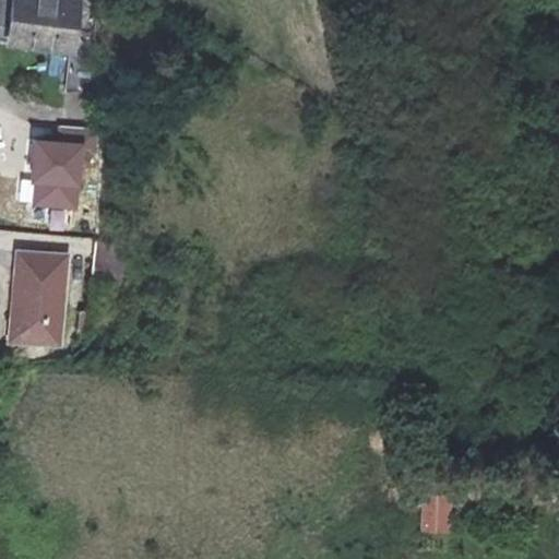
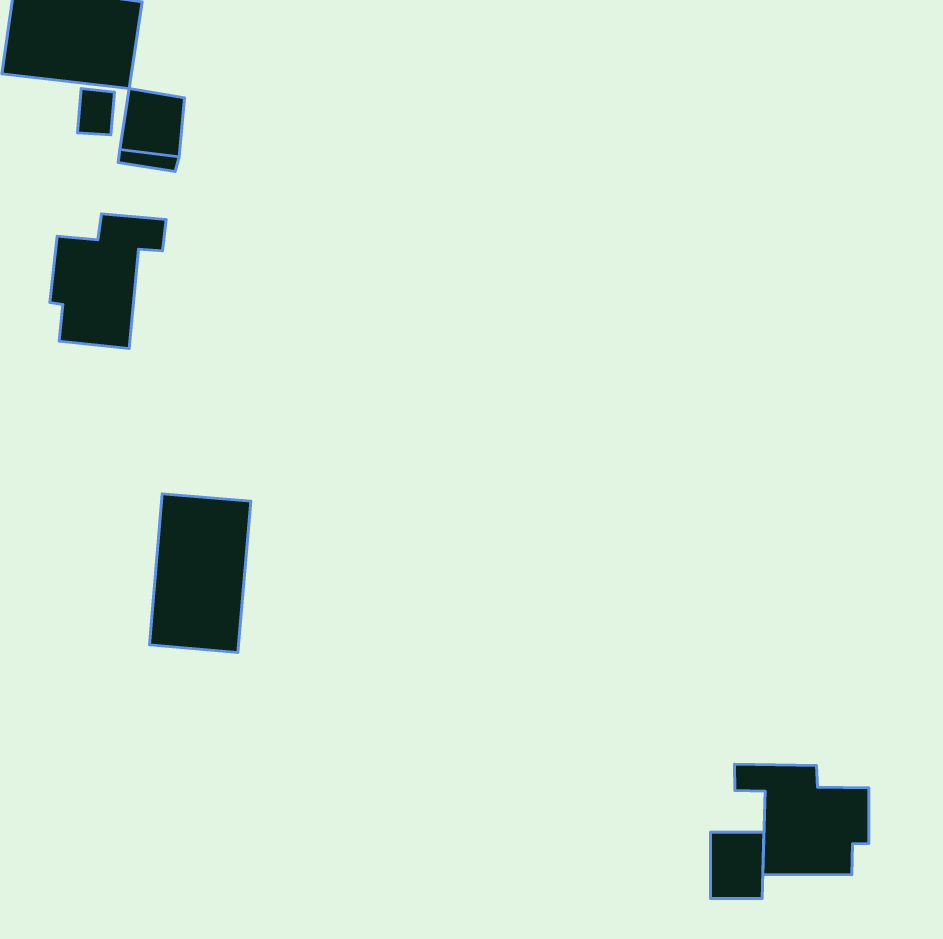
building: [9,250,69,344] -> [149,494,251,652]
building: none -> [734,764,869,875]

